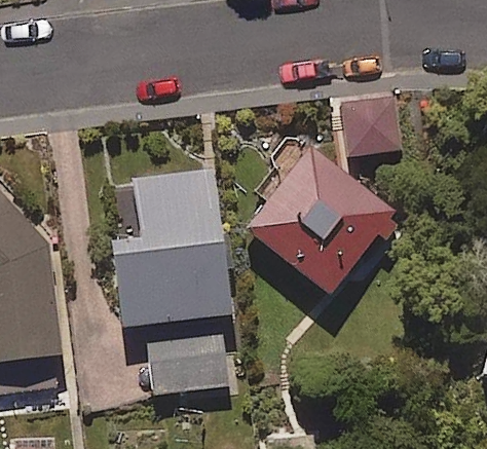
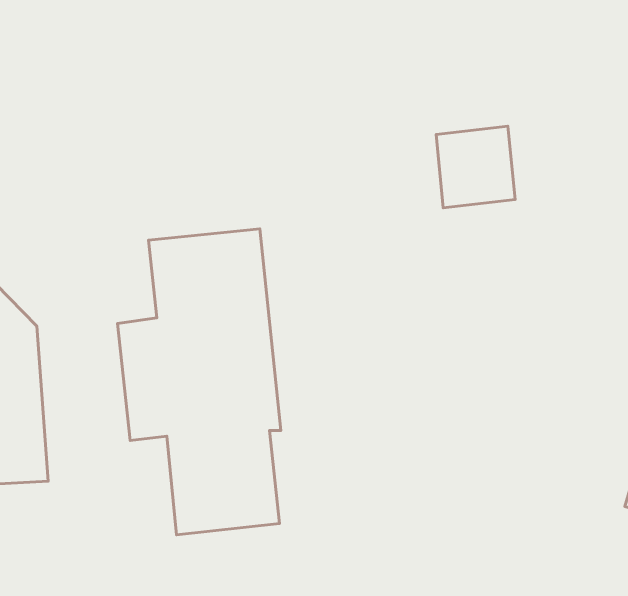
building: [246,146,395,294] -> none

